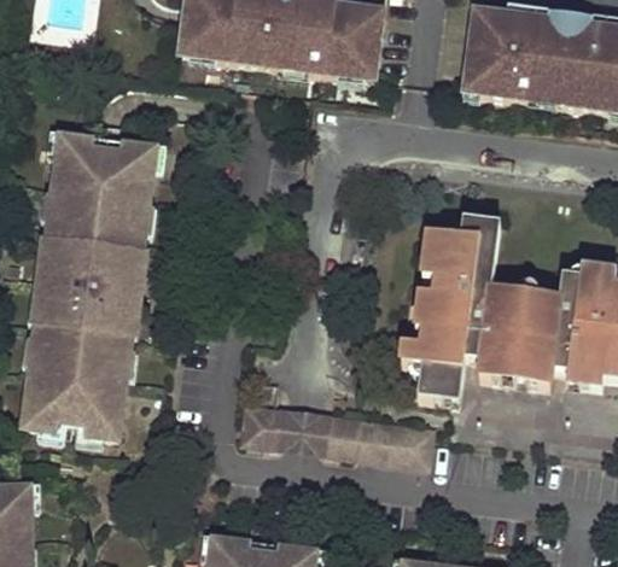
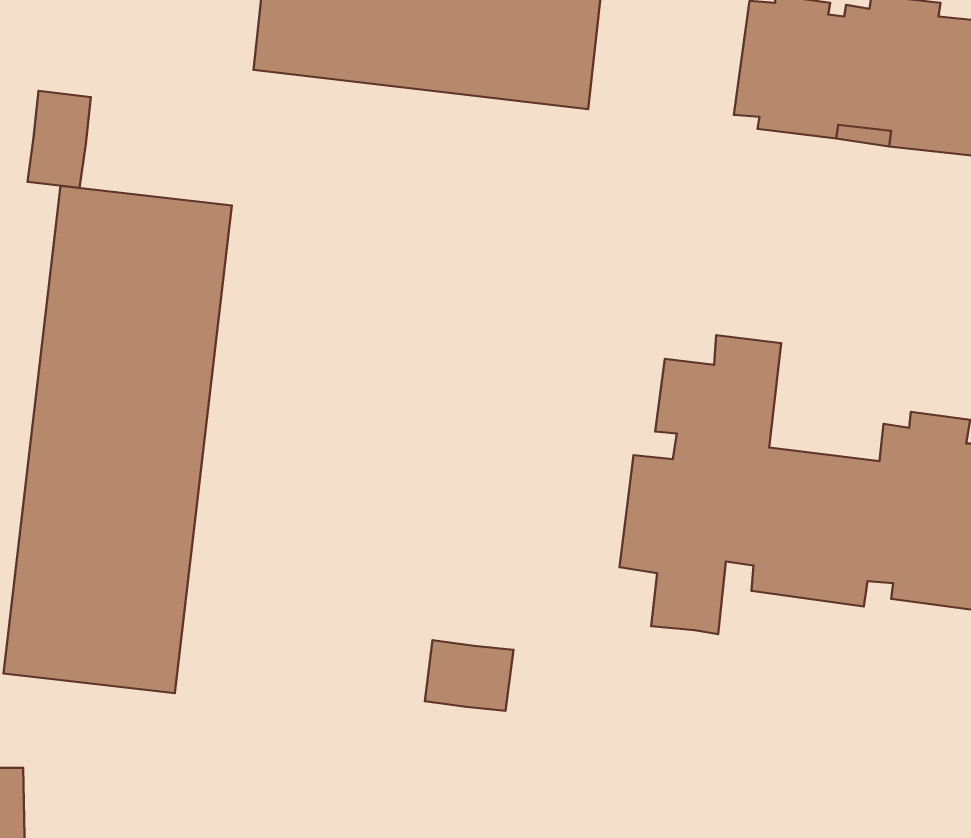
building: none -> [27,91,91,188]
building: [245,403,282,444] -> none
building: [327,413,435,463] -> none

